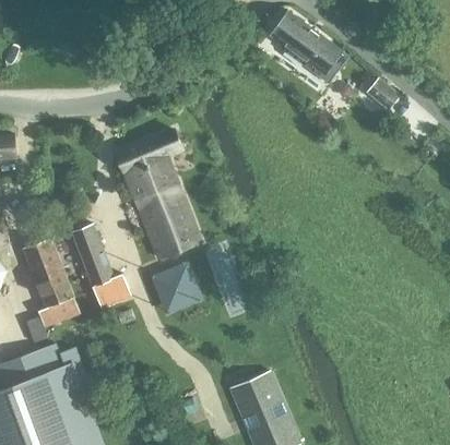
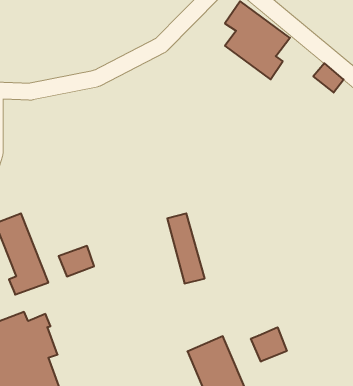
building: [116,131,200,260] -> none
building: [72,225,114,286] -> none
building: [151,257,206,314] -> none
building: none -> [251,327,287,362]

